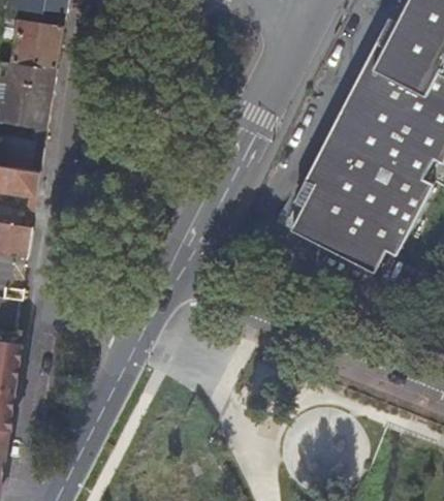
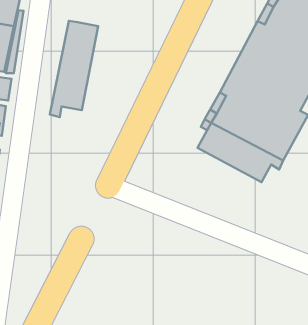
building: none -> [50,21,98,117]

